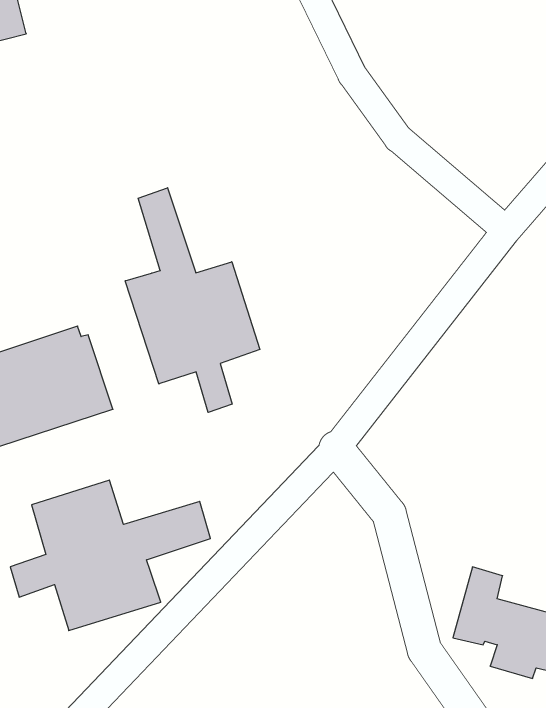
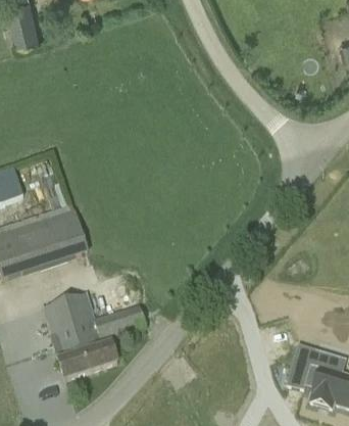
building: [125,188,260,412] -> none

